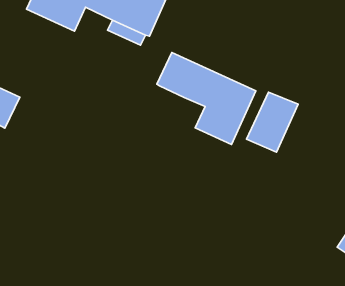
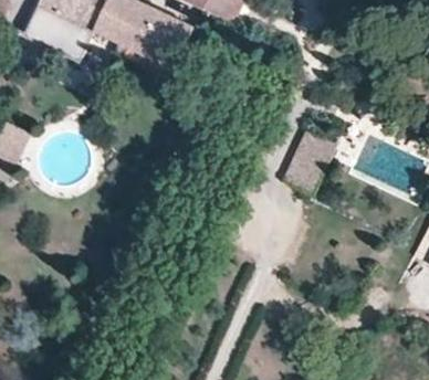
building: [157,53,256,144] -> none

